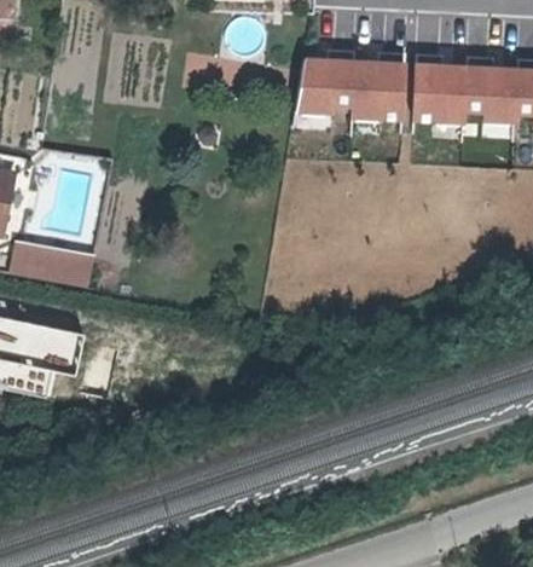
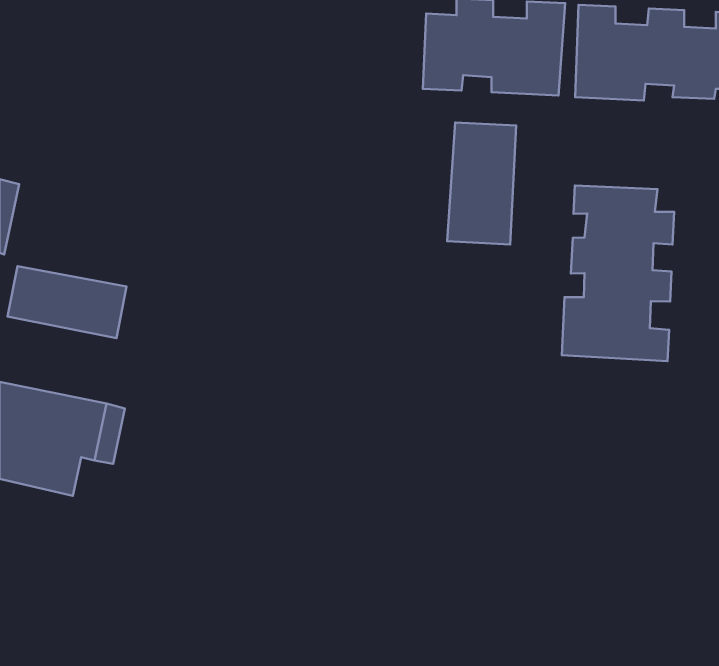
building: none -> [447,122,516,245]
building: none -> [562,185,674,361]

